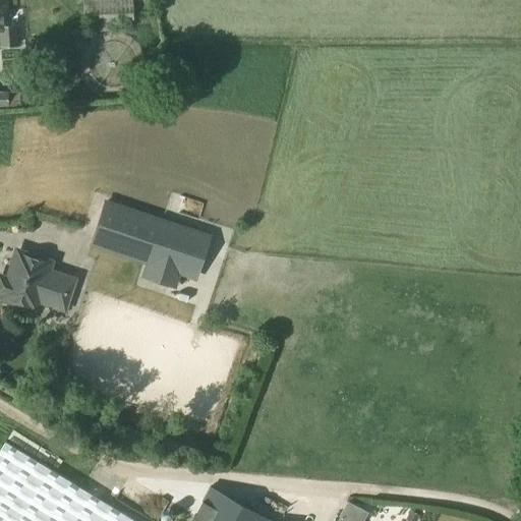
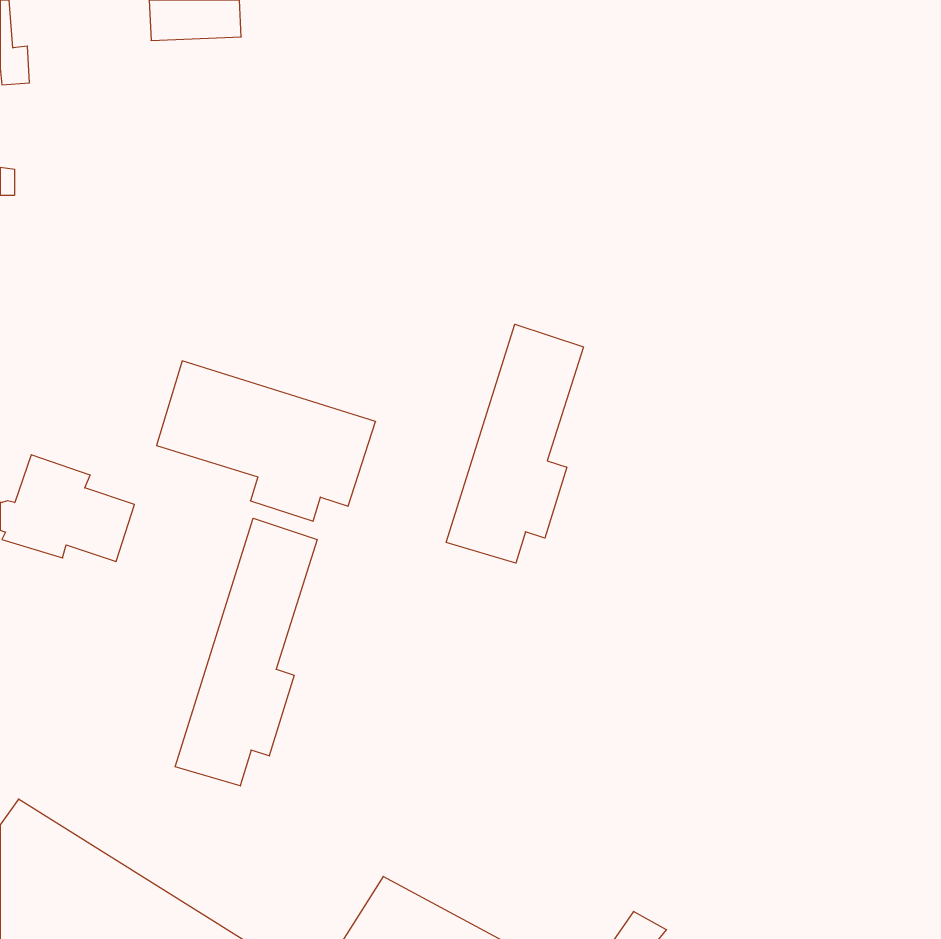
building: none -> [446,324,584,563]
building: none -> [175,518,317,786]

